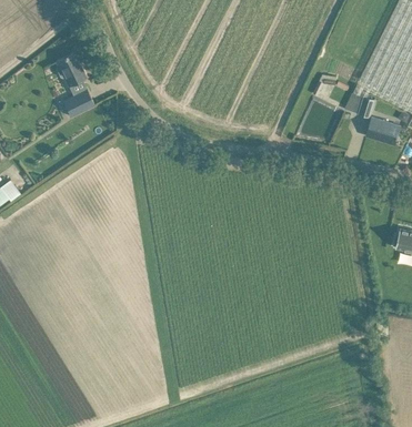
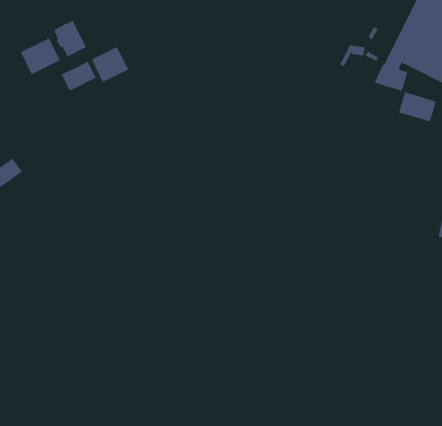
building: none -> [20,37,61,75]
building: none -> [91,46,129,83]

